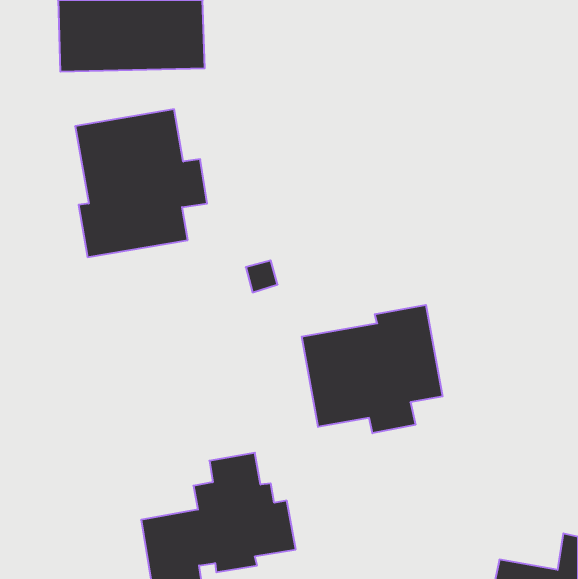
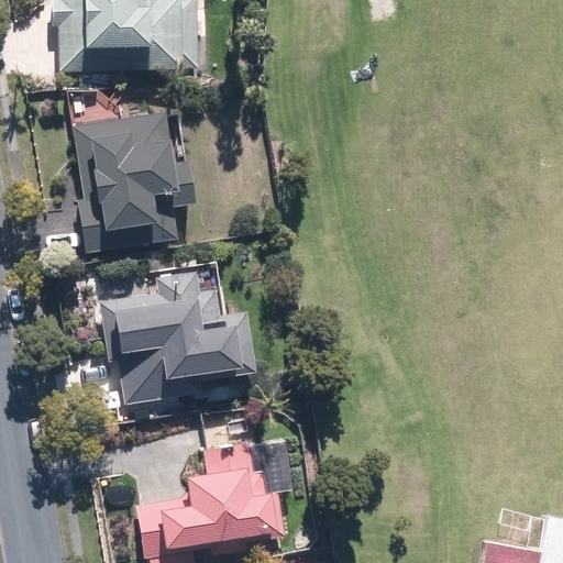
building: none -> [98,266,260,404]
building: [302,305,443,433] -> none

